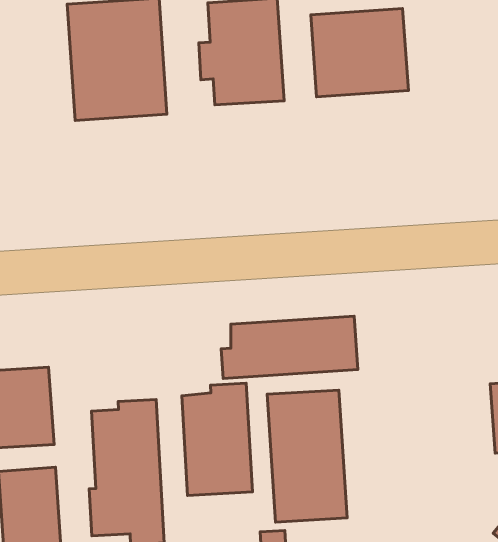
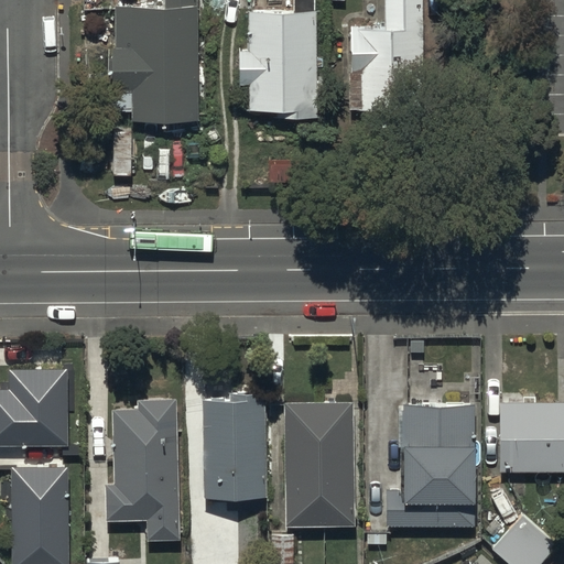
building: [221,316,358,378] -> none
building: none -> [387,405,479,527]

